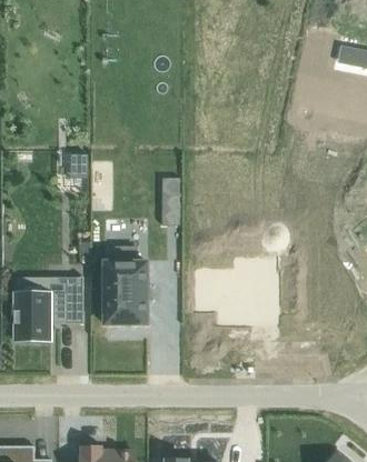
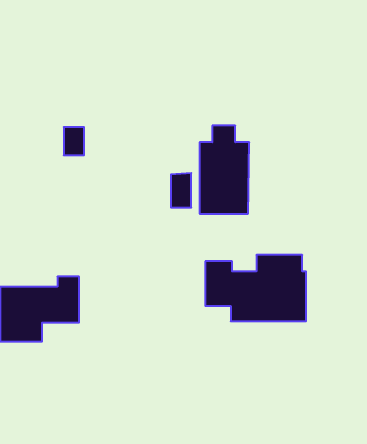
building: [103,247,147,323] -> [200,126,249,214]

